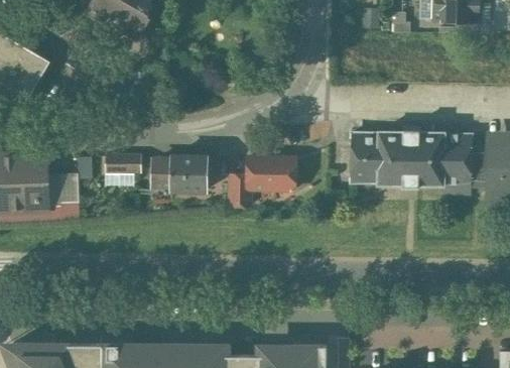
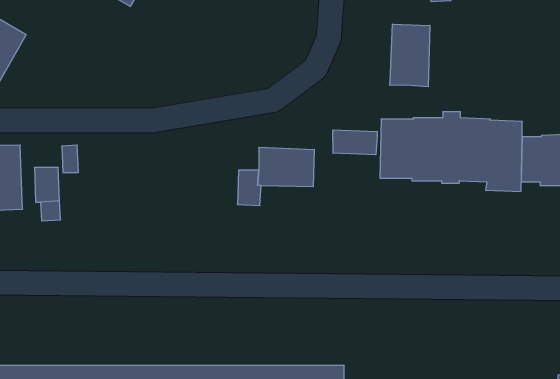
building: none -> [390,24,430,87]
building: none -> [333,130,377,155]
building: [106,155,139,172] -> none
building: [152,156,211,191] -> none

